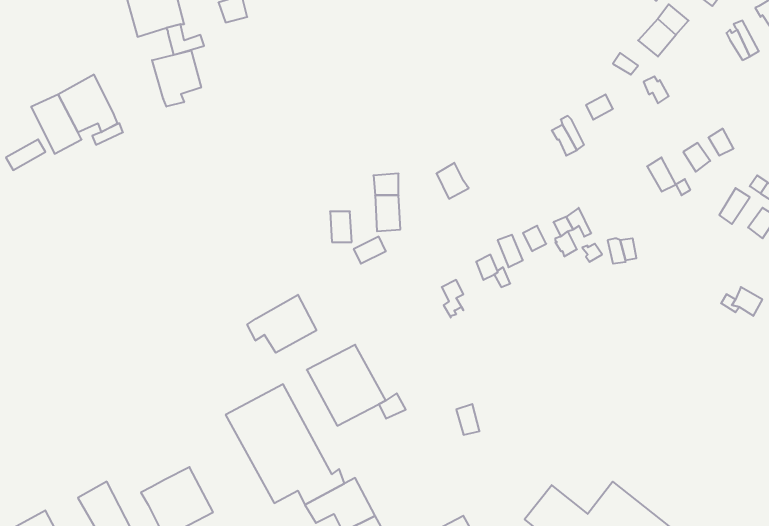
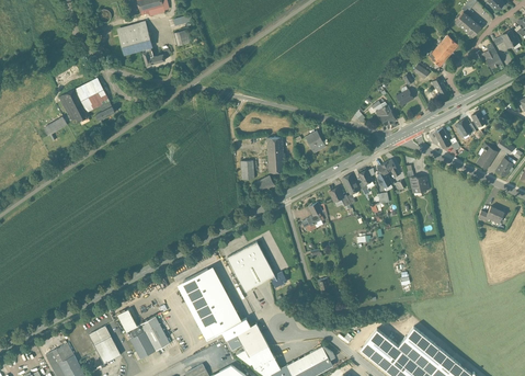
building: [152,50,201,107] -> none
building: [247,295,316,353] -> none

